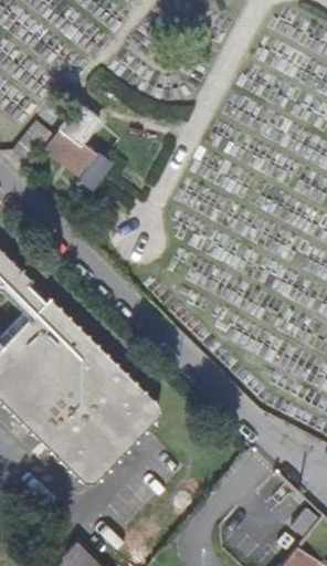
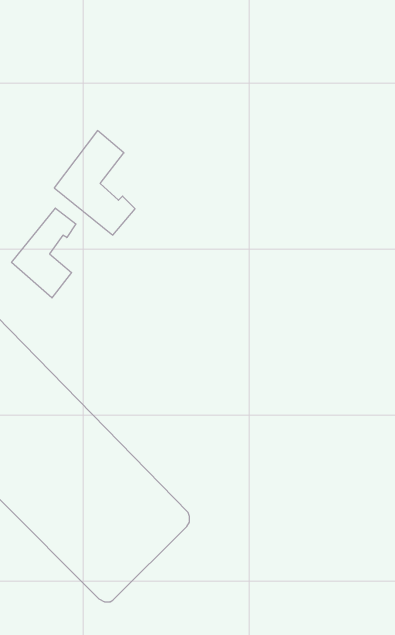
building: none -> [12,208,76,298]

